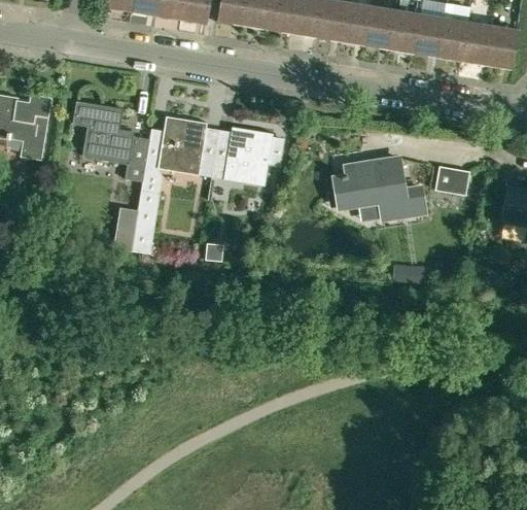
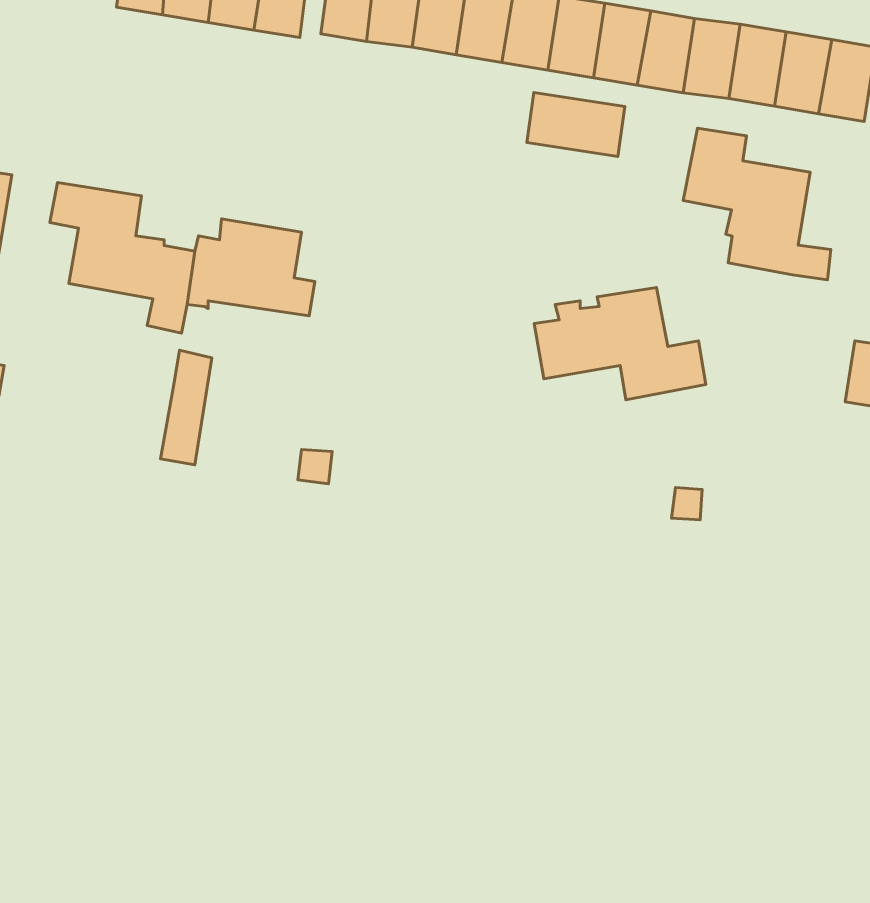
building: none -> [527,93,625,157]
building: none -> [683,128,831,280]
building: [212,131,285,181] -> none
building: [434,165,469,194] -> none
building: [113,207,139,250] -> none

